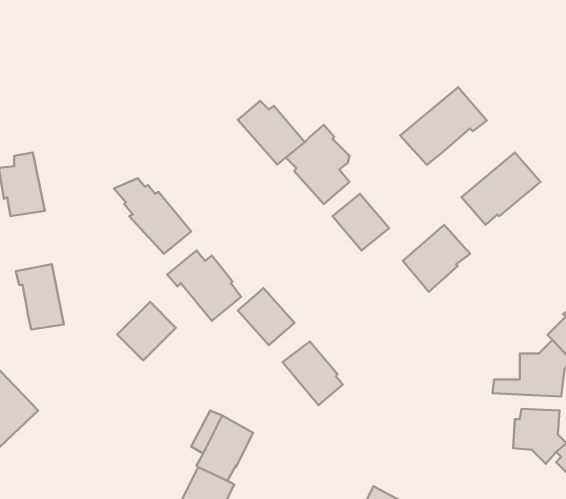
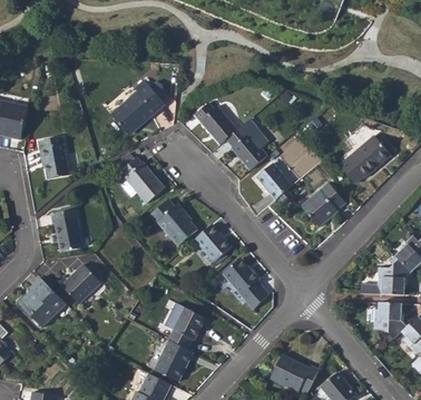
building: none -> [110,80,168,135]
building: [400,87,487,165] -> none
building: [117,302,176,360] -> [62,265,100,303]

